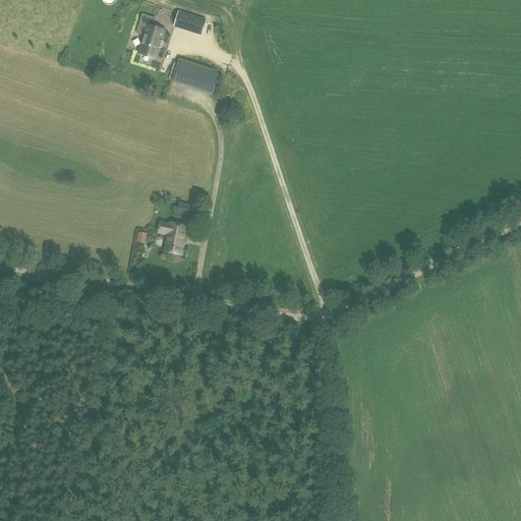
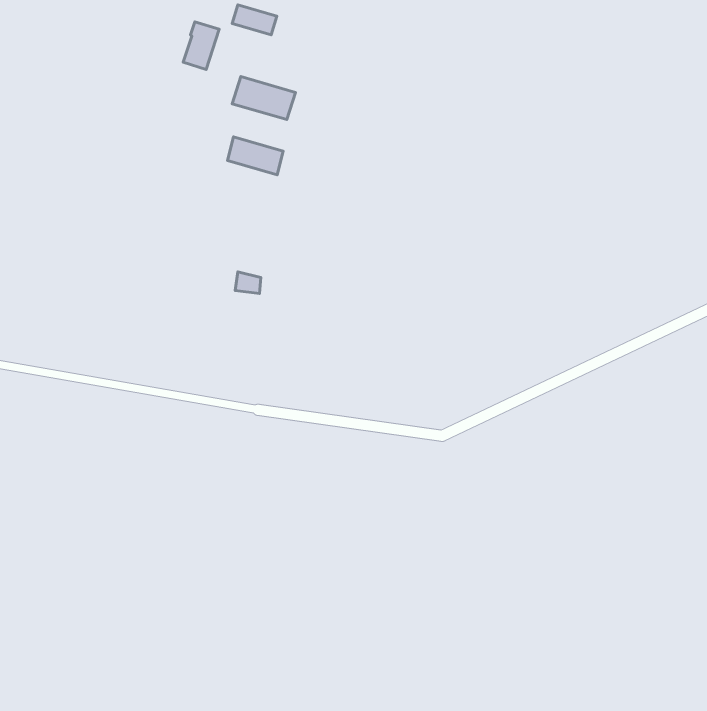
building: none -> [227,137,283,175]
building: [157,220,185,252] -> none

